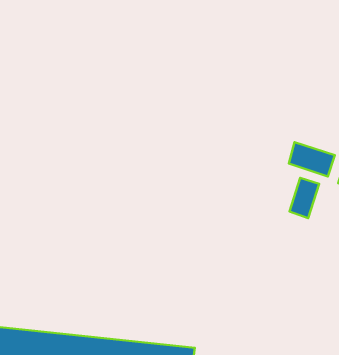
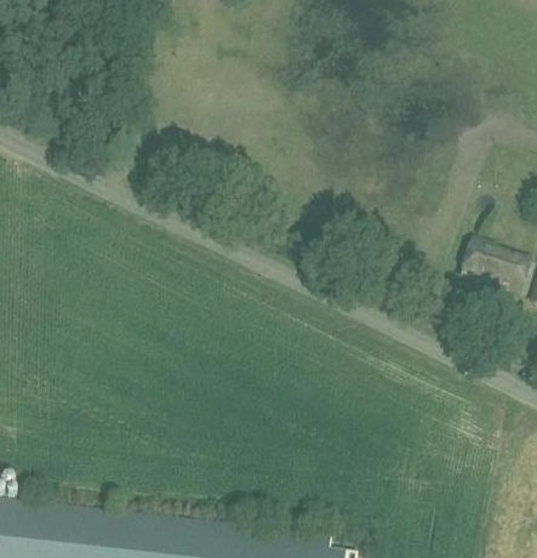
building: [290,178,319,218] -> none

